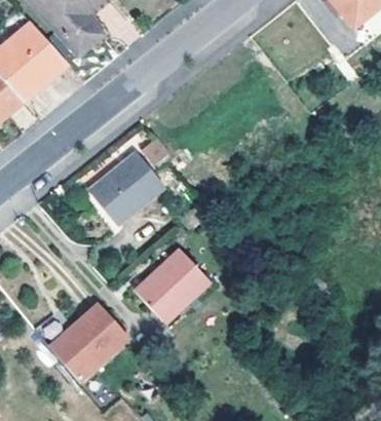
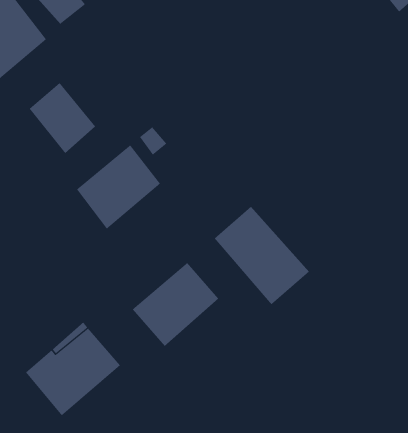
building: none -> [29,82,96,154]
building: none -> [214,206,310,305]

